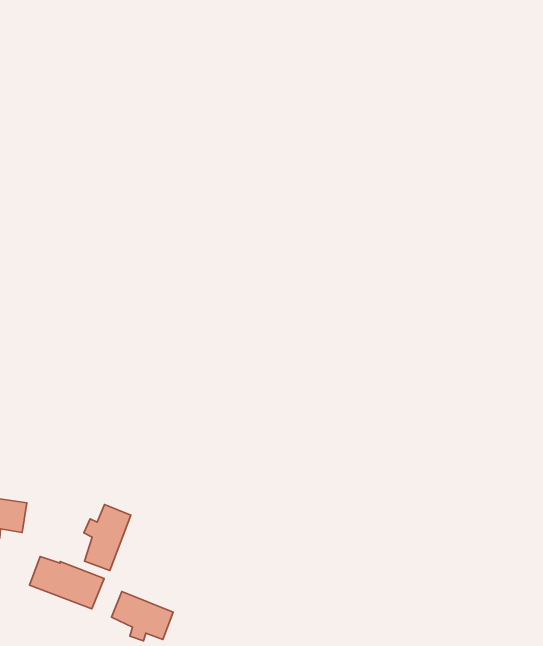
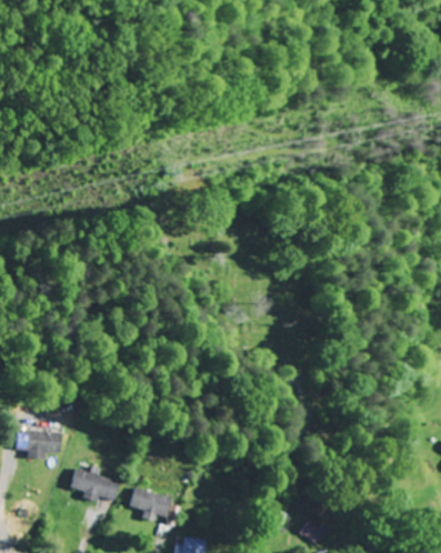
building: [84,505,131,571] -> none

